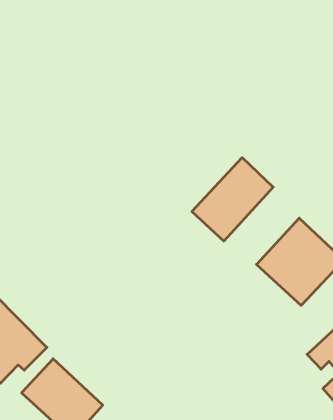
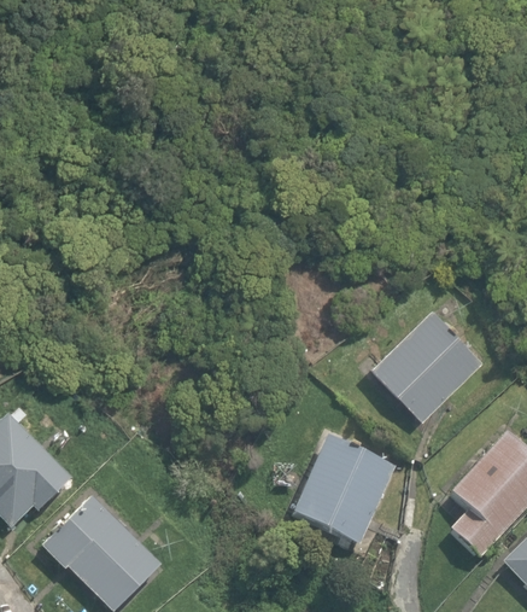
building: [192,158,273,241] -> none
building: none -> [289,433,398,543]

